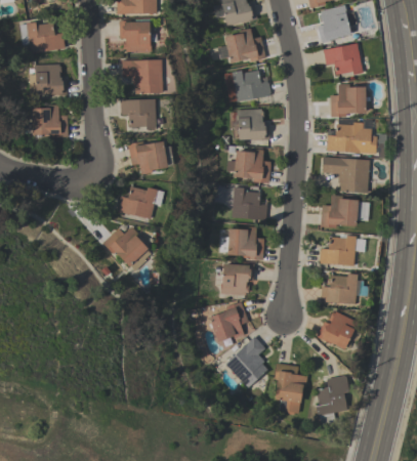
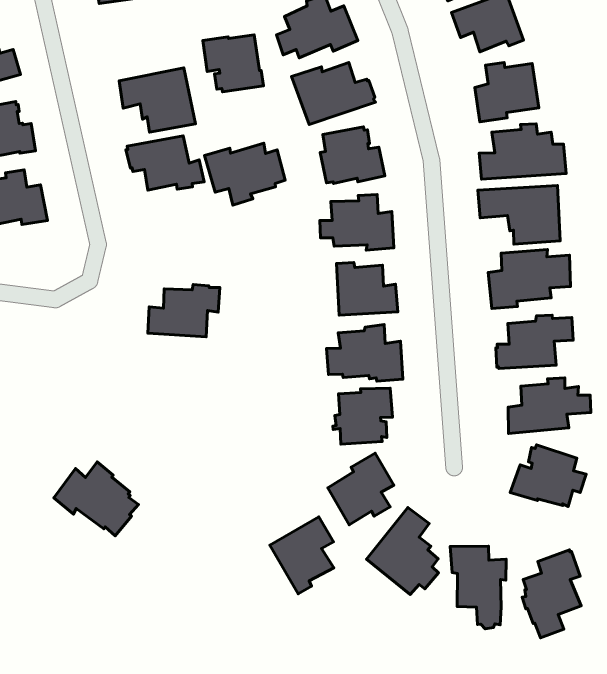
building: [119,19,151,51] -> [203,35,264,92]
building: [128,140,173,174] -> [205,143,285,205]
building: [102,225,152,270] -> [54,462,139,536]
building: none -> [270,517,334,594]

